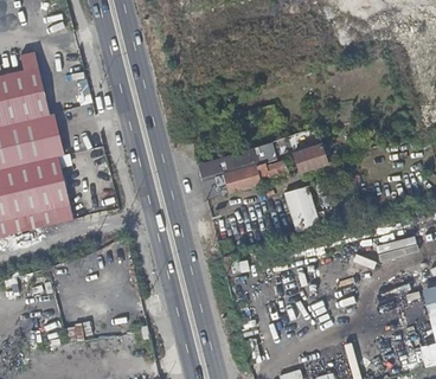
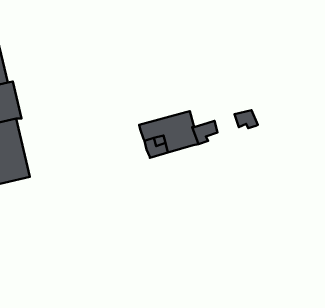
building: [283,185,321,232] -> none

